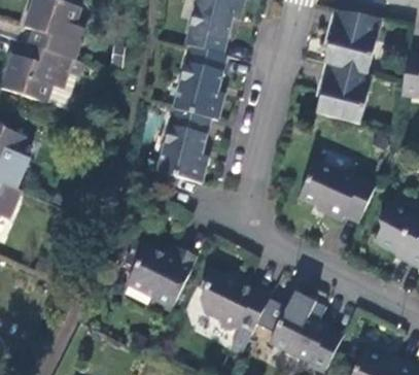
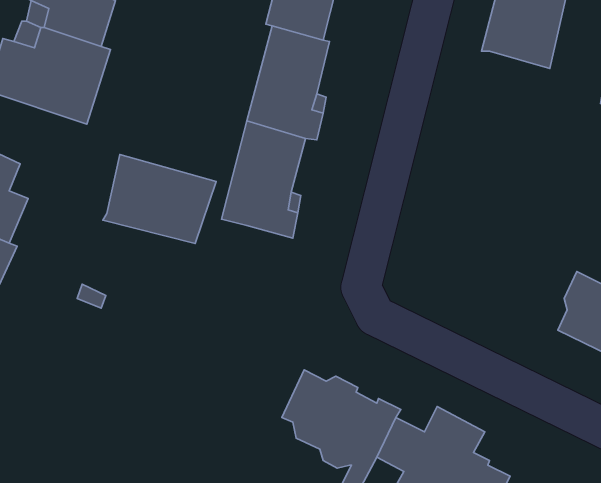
building: [314,61,372,124] -> none
building: none -> [103,154,216,244]
building: [299,164,376,225] -> none
building: [125,241,197,312] -> none

